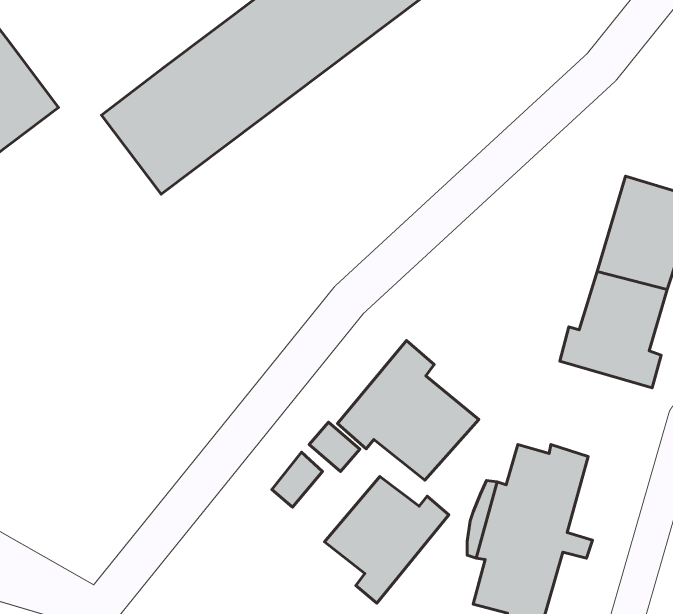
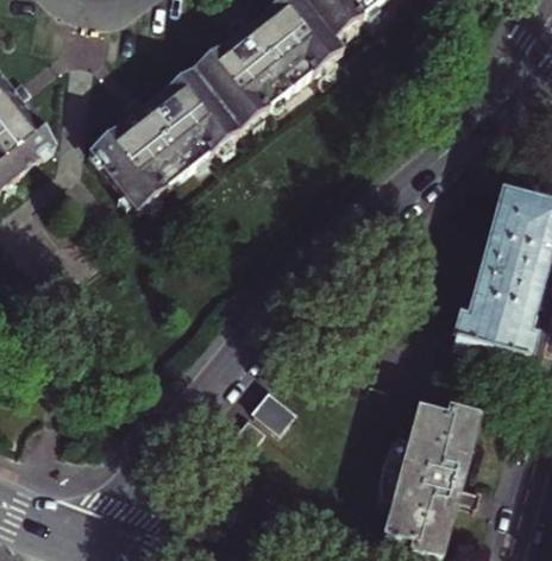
building: [337,341,479,480] -> none
building: [324,477,449,603] -> none

